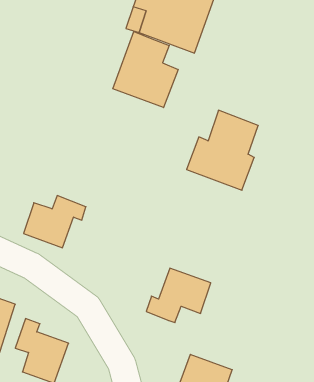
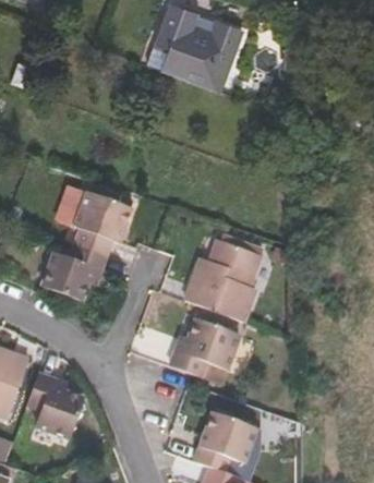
building: [113,32,178,108] -> none
building: [187,110,258,190] -> [183,237,260,322]
building: none -> [73,190,129,254]

